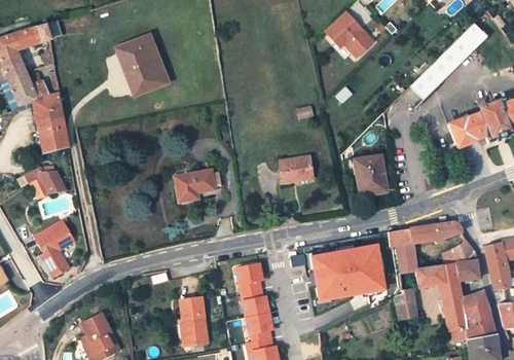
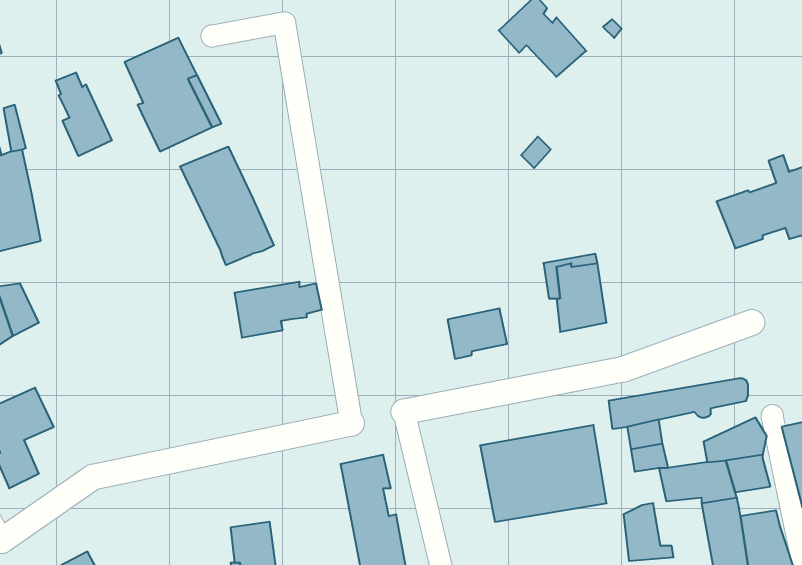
building: [408,23,485,98] -> none
building: none -> [56,72,112,156]
building: none -> [180,147,274,265]
building: [283,153,316,181] -> [448,308,507,359]

